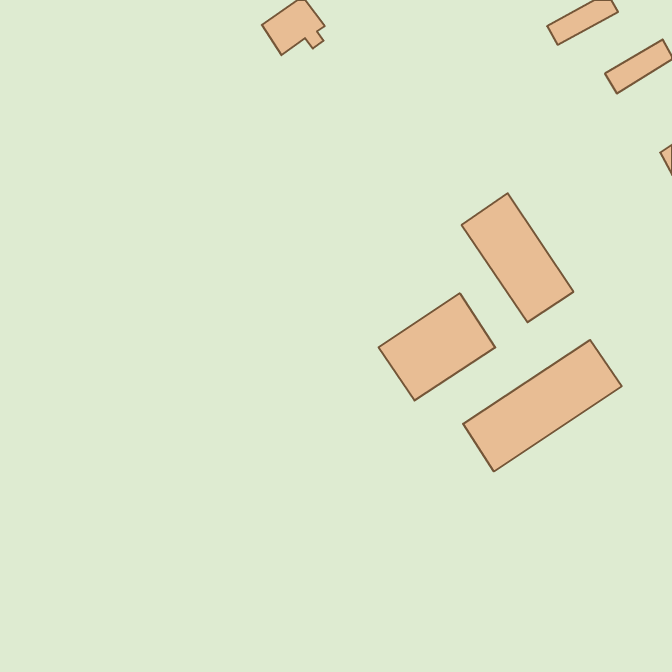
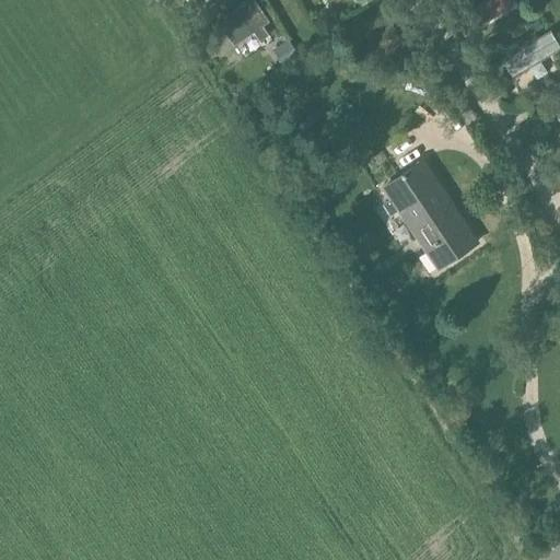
building: [379,293,495,401] -> none
building: [463,340,622,471] -> none

